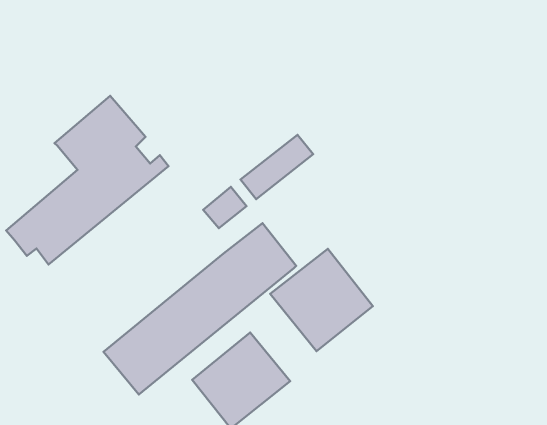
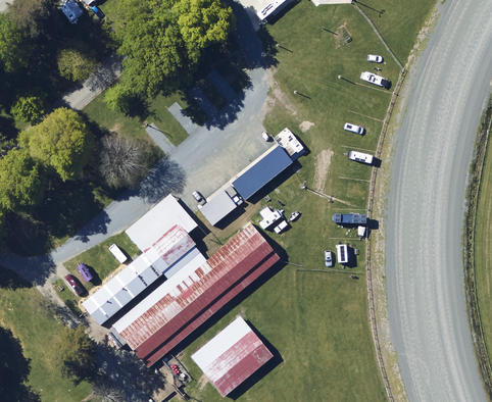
building: [6,96,168,264] -> [81,189,217,331]
building: [270,249,373,351] -> none

